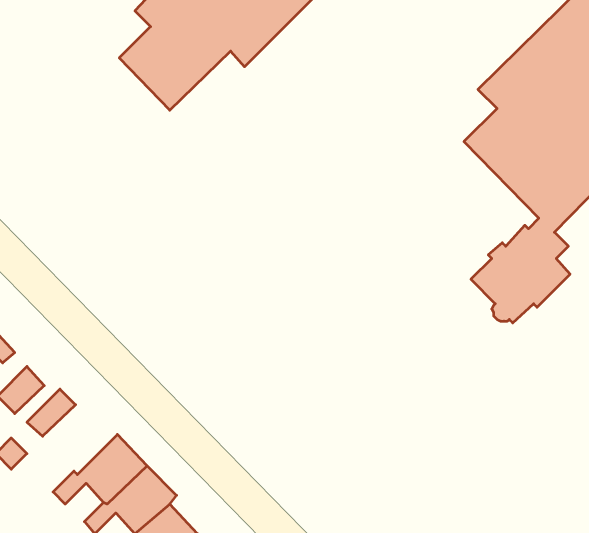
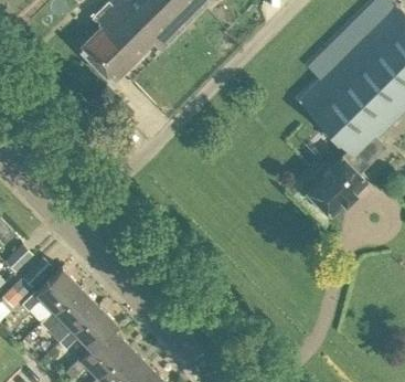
building: none -> [21,268,79,323]

